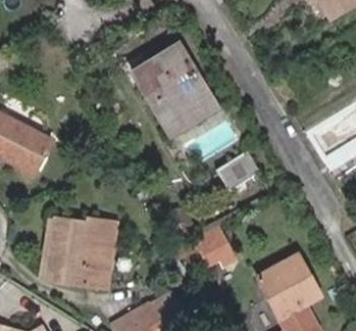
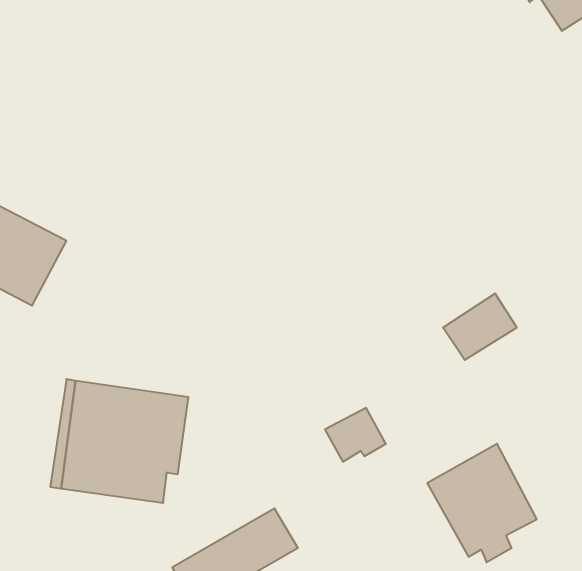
building: [132,43,218,136] -> none
building: [216,151,258,189] -> [443,294,517,360]

